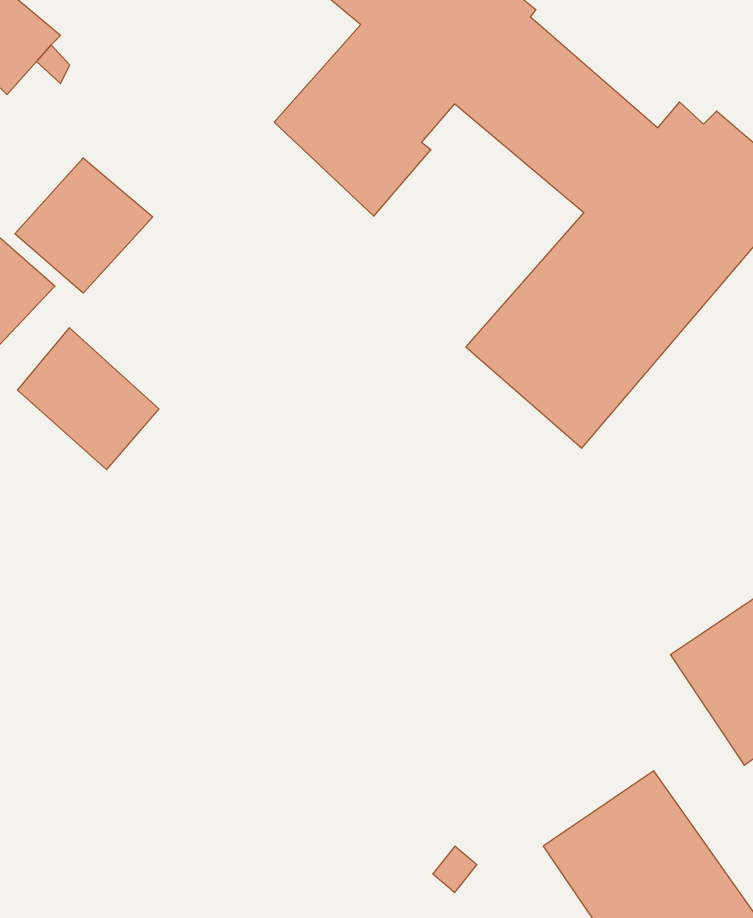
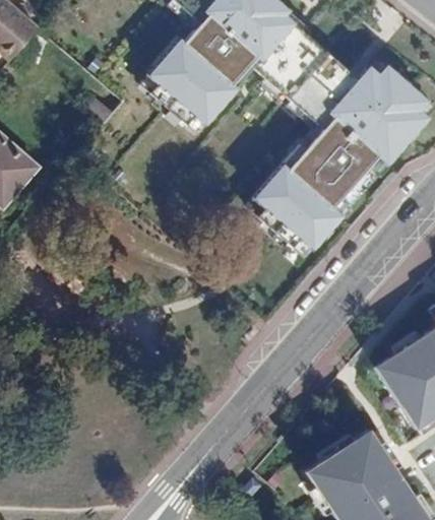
building: [15,158,153,293] -> none
building: [18,328,159,470] -> none

